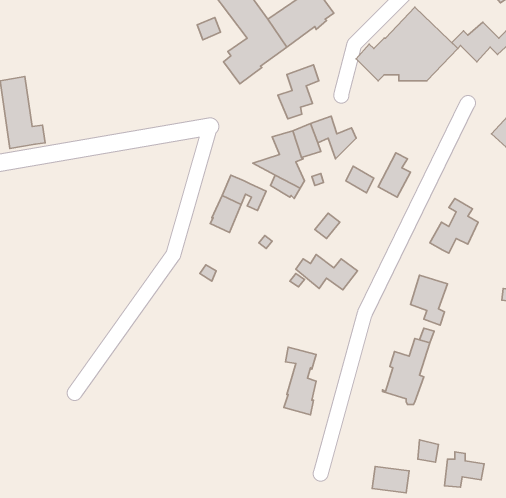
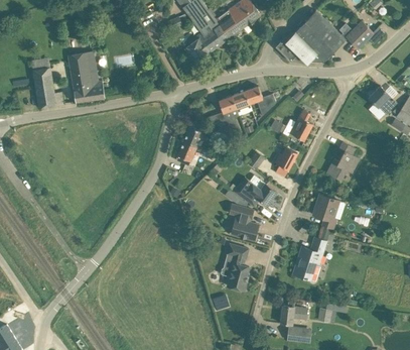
building: [278,65,319,119] -> none
building: none -> [67,50,105,102]
building: none -> [274,146,297,178]
building: none -> [229,204,257,239]
building: [444,452,484,487] -> [280,300,307,324]

